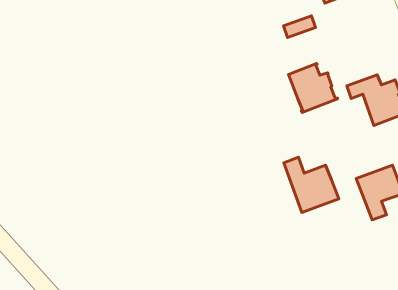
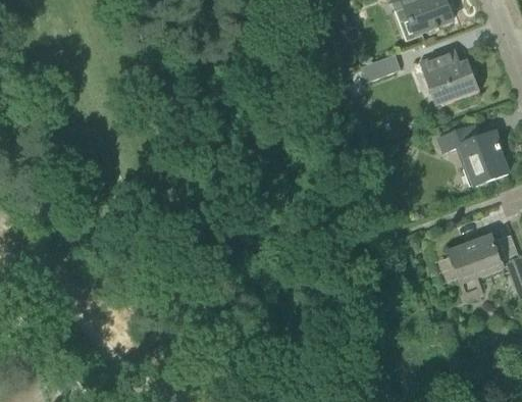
building: [289,63,338,112] -> [421,47,480,106]
building: [284,157,339,212] -> none

